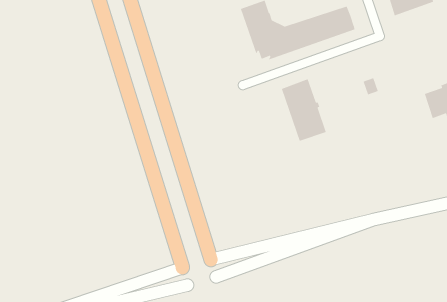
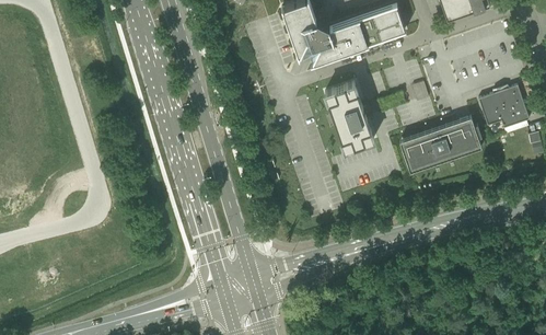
building: none -> [404,120,477,169]

